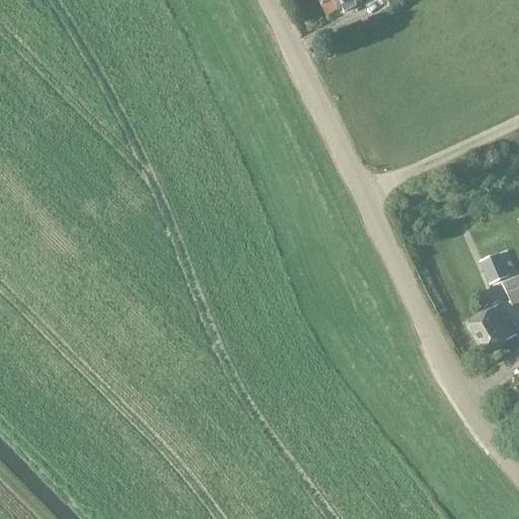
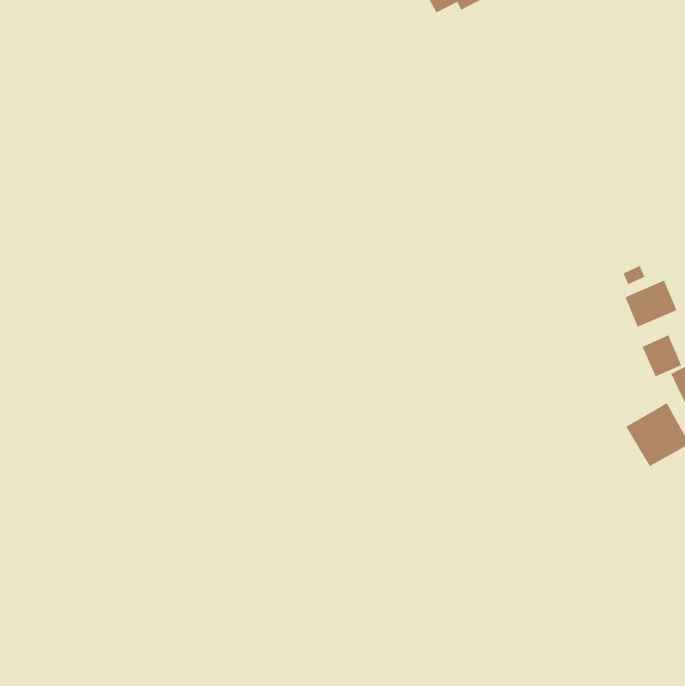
building: none -> [624,279,677,328]

